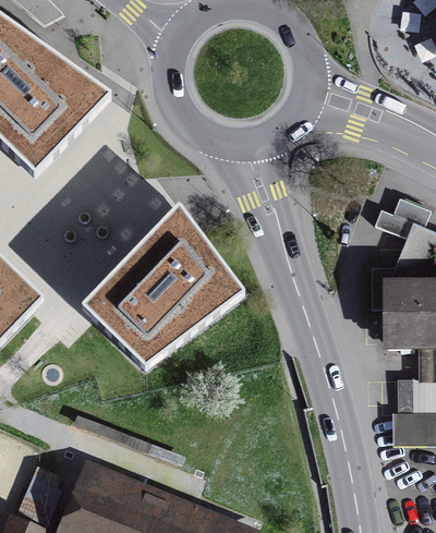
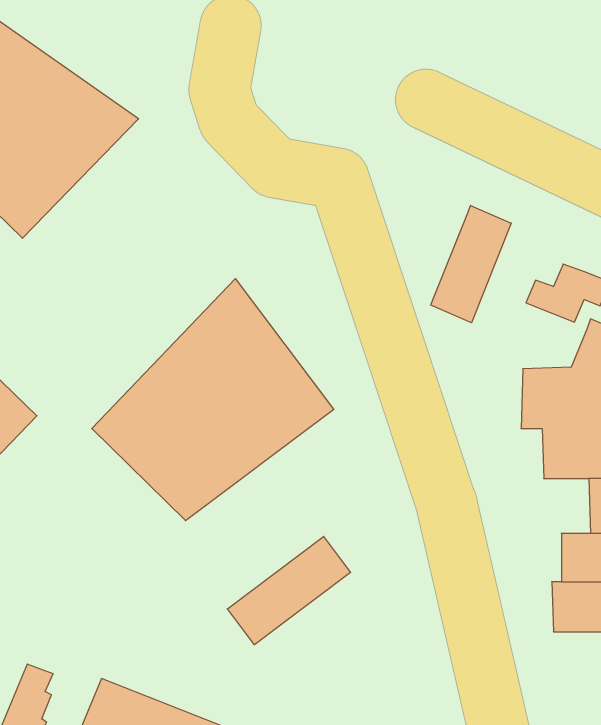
building: none -> [431,205,511,323]
building: none -> [227,536,351,645]

